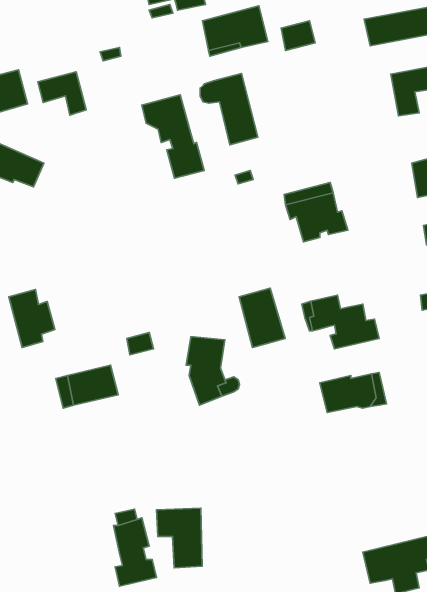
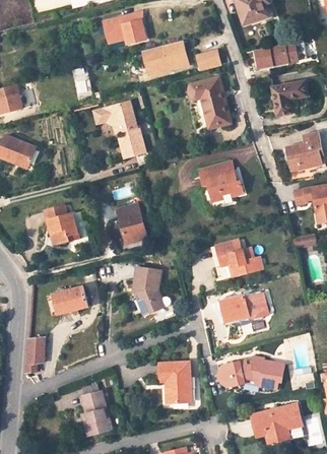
building: [38,72,86,115] -> none
building: [200,73,258,145] -> [190,78,230,127]
building: [239,288,285,347] -> [114,205,145,246]
building: [9,290,55,347] -> [43,207,74,247]
building: none -> [25,337,44,373]
building: none -> [219,358,285,389]
building: [156,508,202,568] -> [159,363,191,403]

